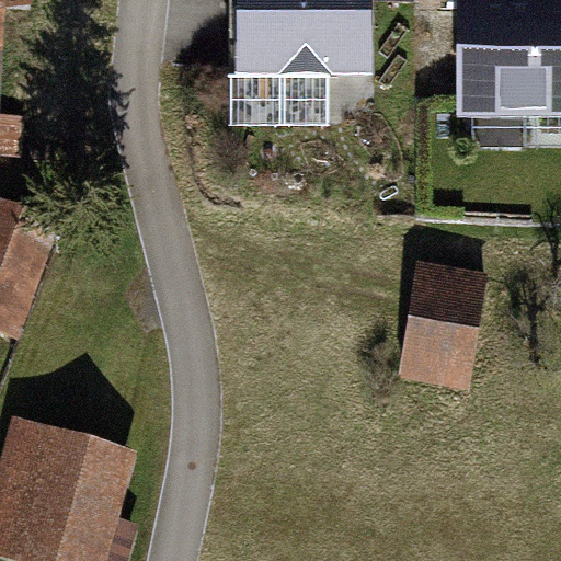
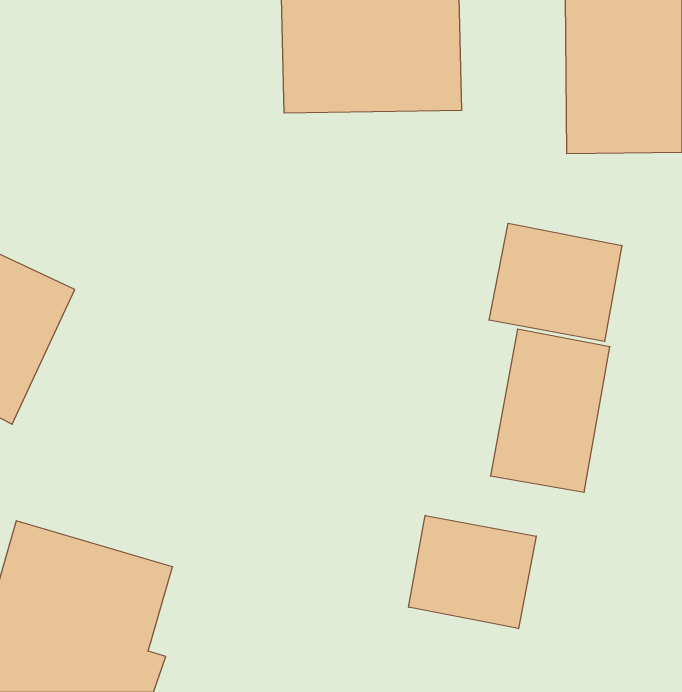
building: none -> [489,223,622,342]
building: none -> [409,515,536,629]

